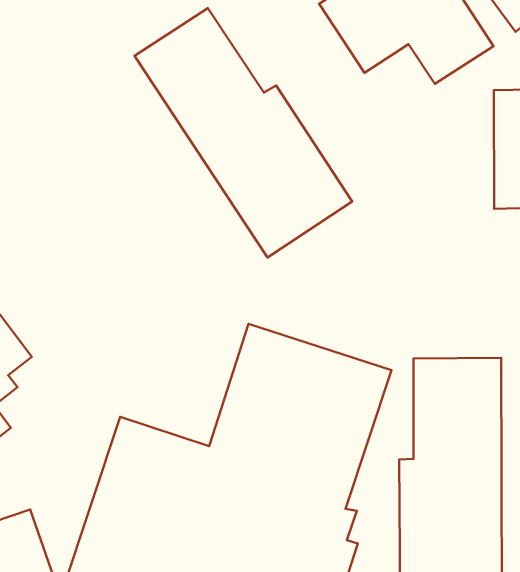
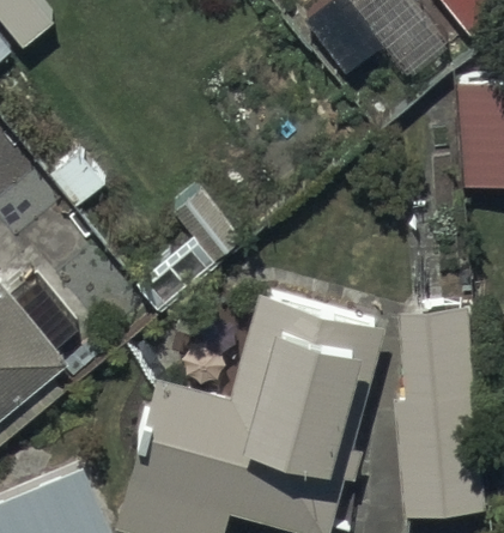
building: [135,8,352,258] -> none

